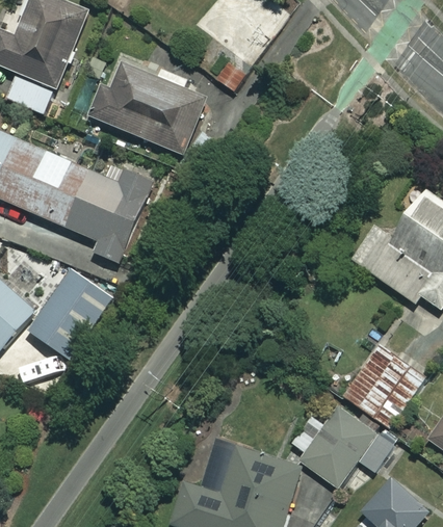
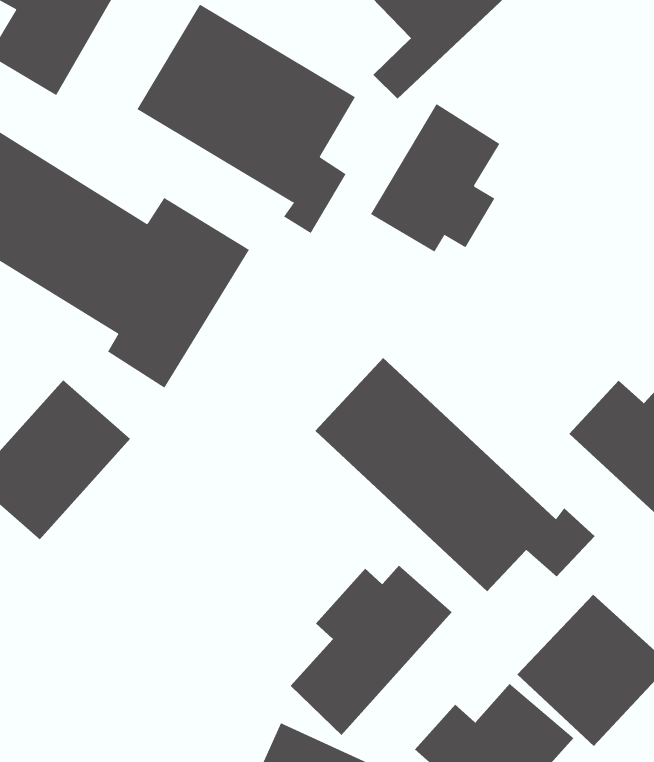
building: none -> [370,103,500,252]
building: none -> [314,357,596,592]
building: none -> [290,565,453,736]

